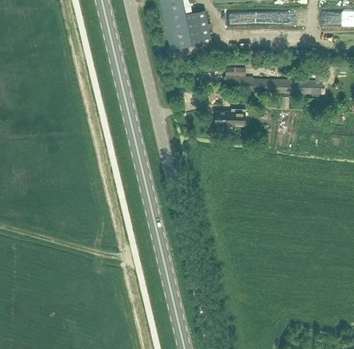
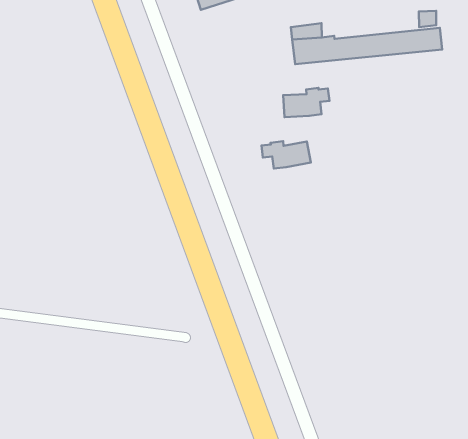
building: none -> [261,141,311,169]

